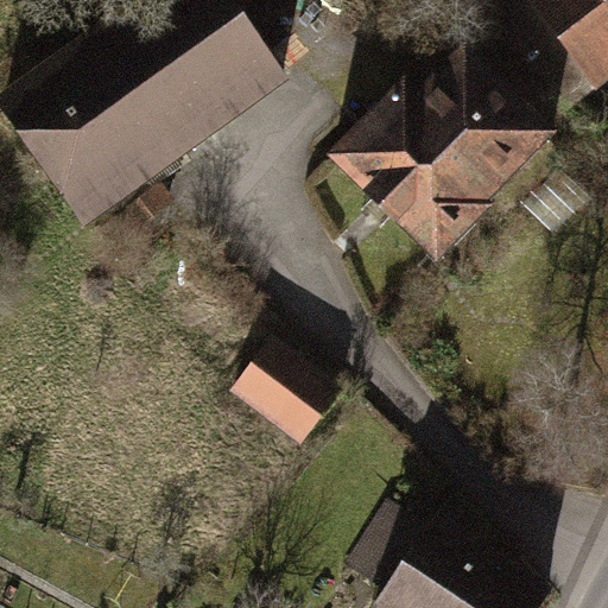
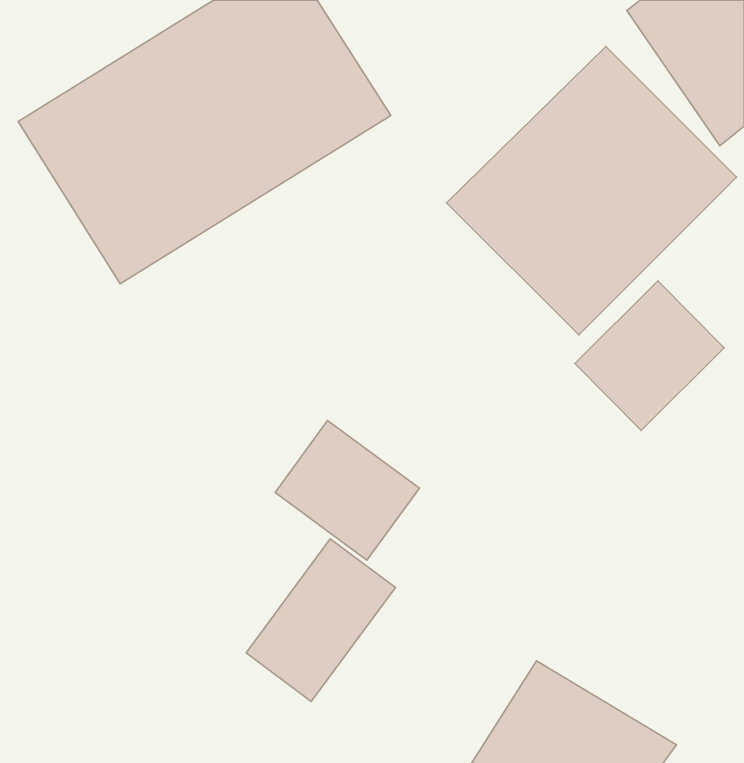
building: none -> [575,281,724,430]
building: none -> [246,539,395,702]

